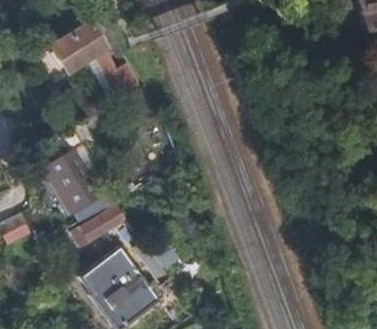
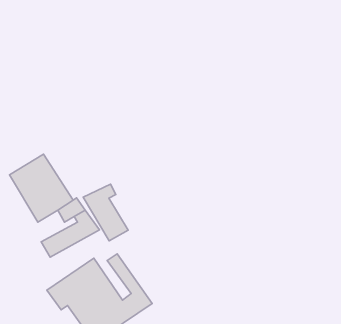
building: [51,25,133,95] -> none
building: none -> [83,184,128,241]

